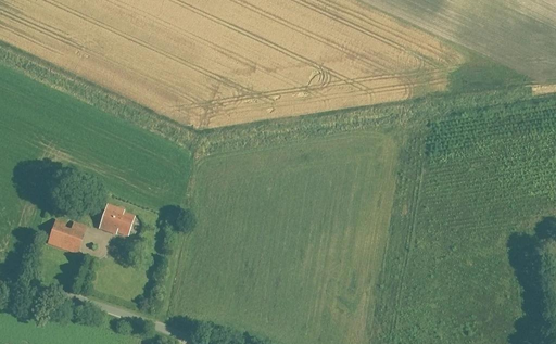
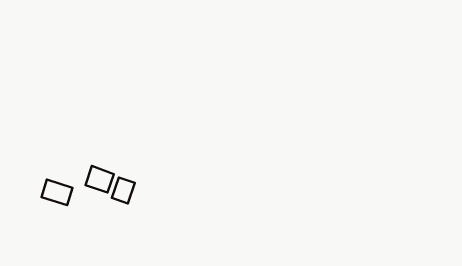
building: none -> [112,177,135,203]

